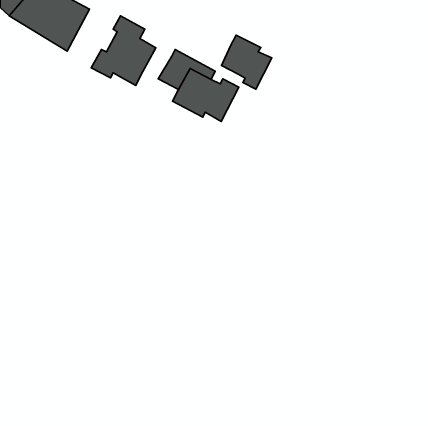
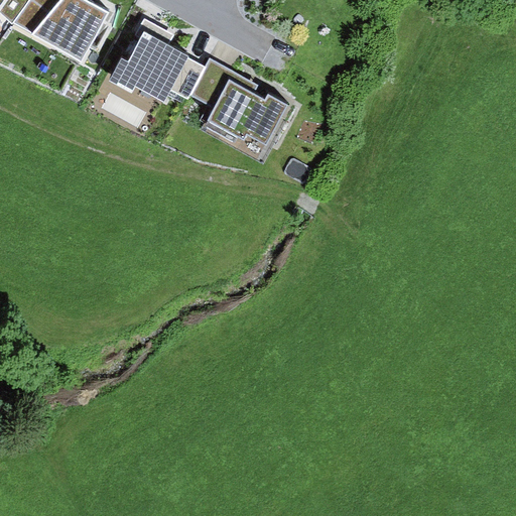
building: [221,35,272,89] -> none
building: none -> [169,57,207,101]

